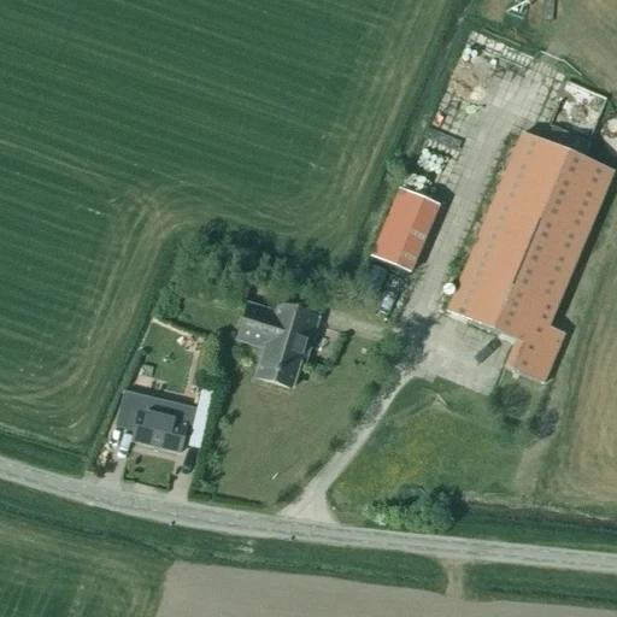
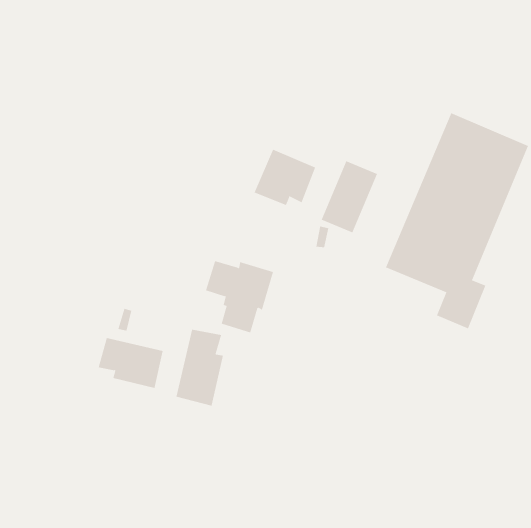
building: none -> [254,149,316,206]
building: none -> [176,329,224,406]

